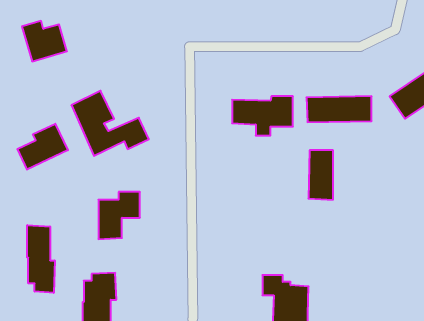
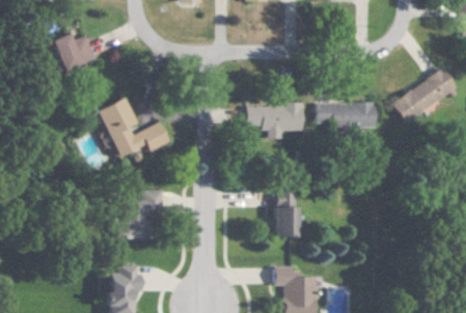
building: [17,124,68,170] -> none
building: [308,150,333,200] -> [277,191,300,236]
building: [27,225,55,293] -> none

